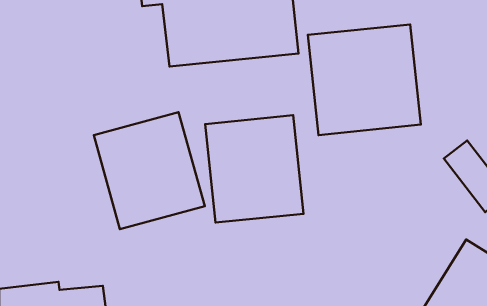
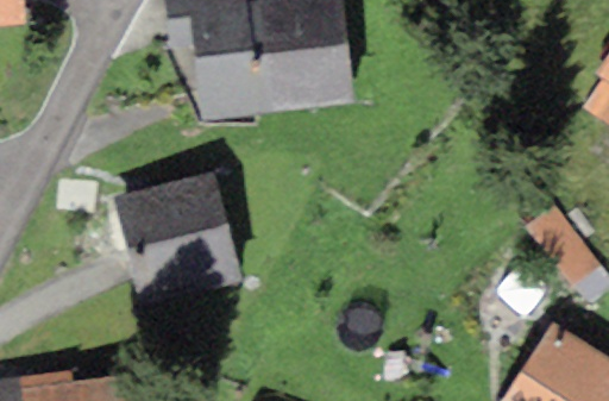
building: [308,24,421,135] -> none
building: [205,115,304,223] -> none

